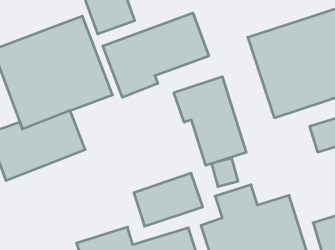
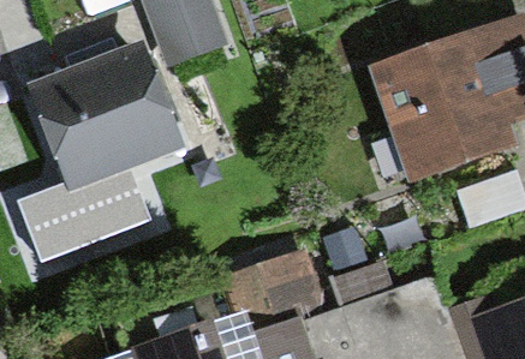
building: [103,13,209,97] -> none
building: [174,77,246,165] -> none

